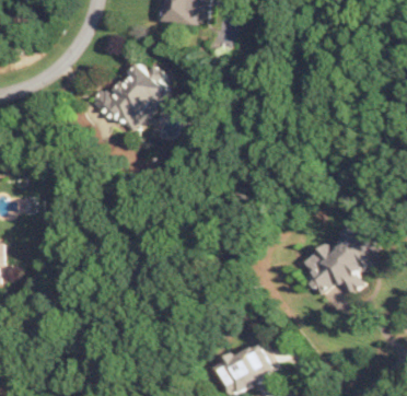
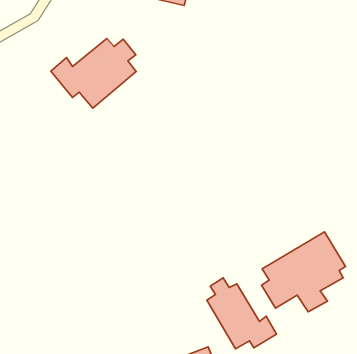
building: none -> [207,278,276,349]

